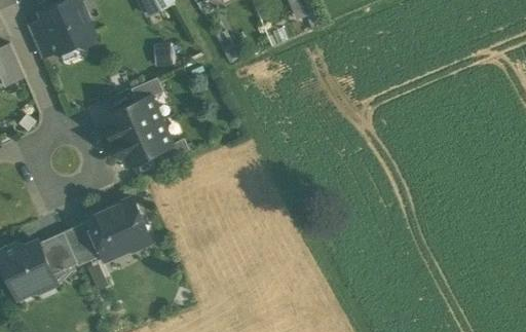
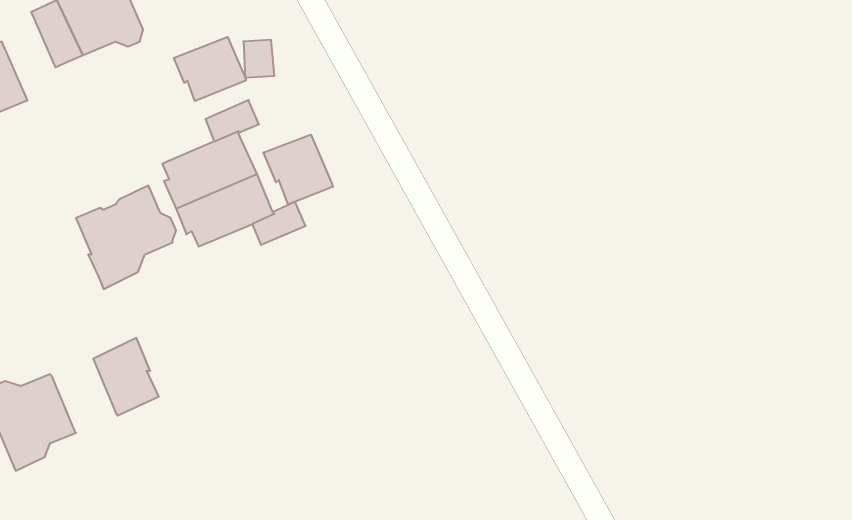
building: none -> [174,37,246,101]
building: none -> [263,135,333,205]
building: [89,197,149,259] -> [76,186,176,289]
building: [40,231,78,273] -> none

